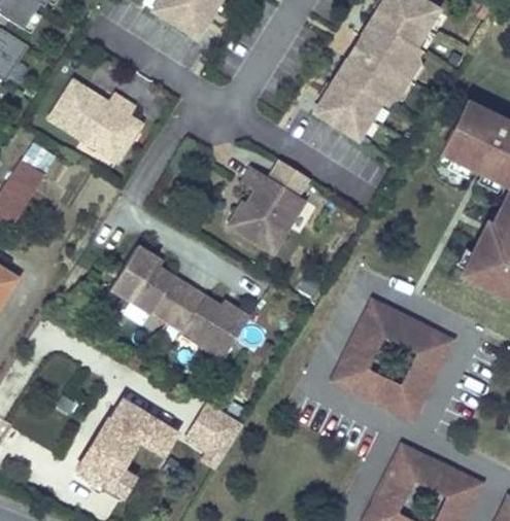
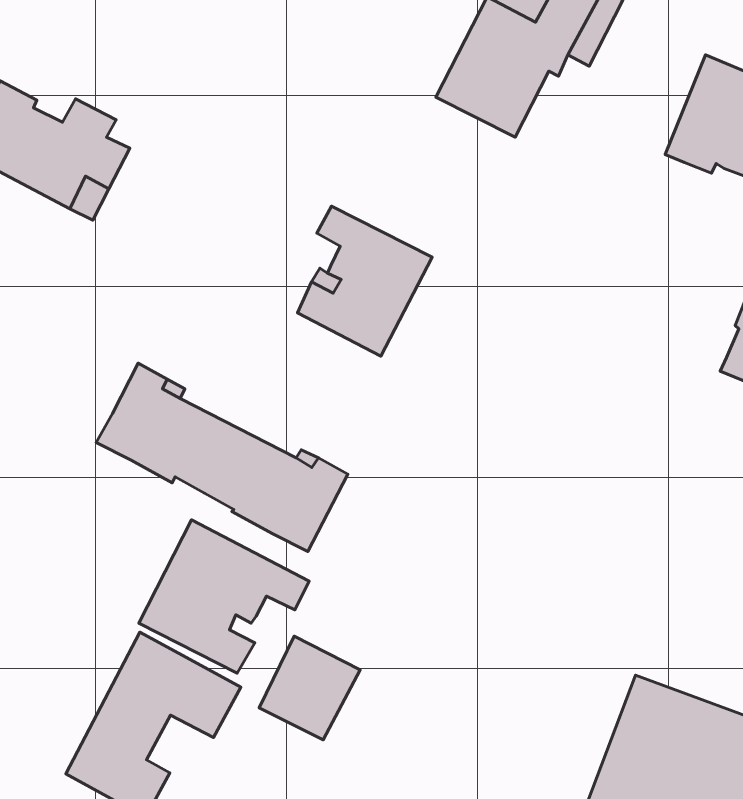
building: [330,296,456,422] -> none
building: none -> [139,520,309,673]

